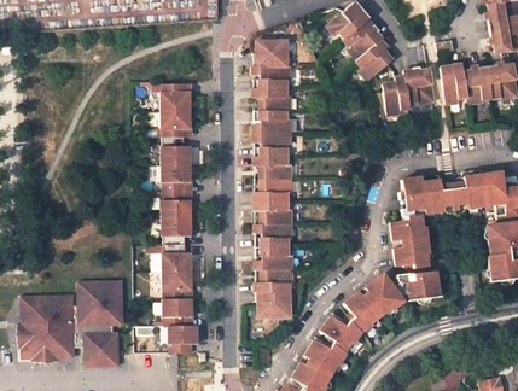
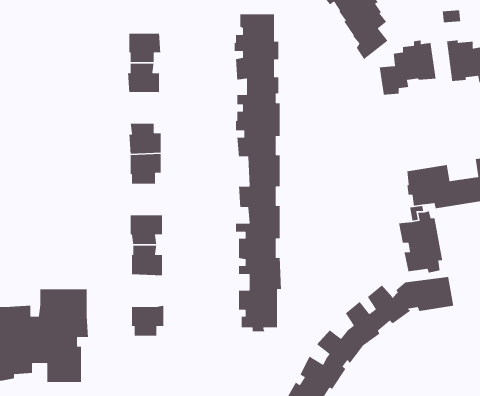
building: [157,110,186,136] -> [128,33,161,63]
building: [158,191,187,217] -> none
building: [159,270,187,298] -> none
building: [165,325,193,351] -> none

